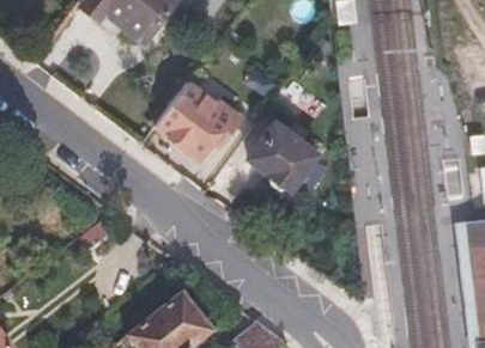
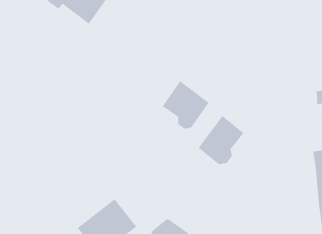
building: [154,84,237,157] -> none
building: none -> [198,115,244,165]

